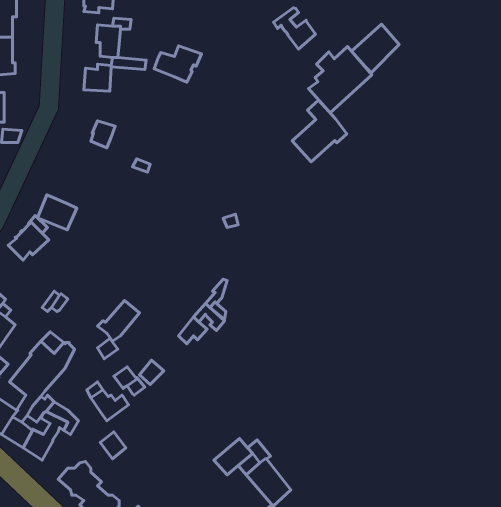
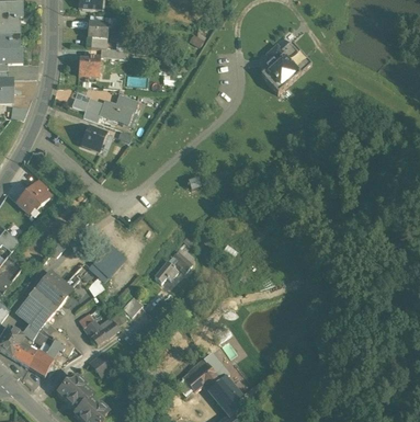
building: [274,8,316,49] -> none
building: [352,24,399,72] -> none
building: [154,46,202,82] -> [99,95,137,125]
building: [292,100,347,162] -> none
building: [38,195,77,230] -> [80,126,112,155]

